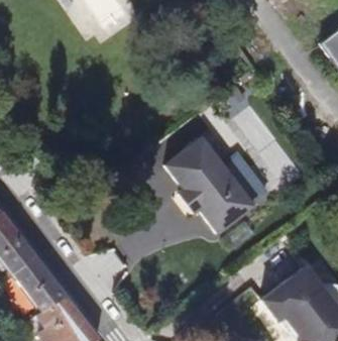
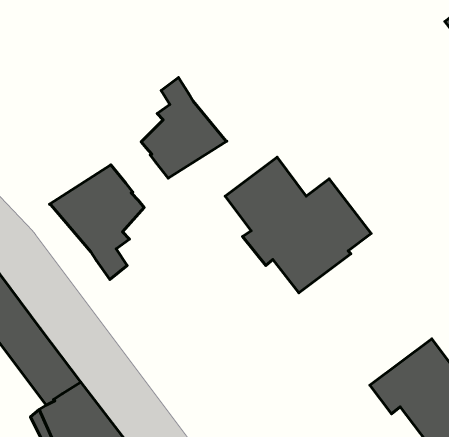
building: none -> [141,78,227,178]
building: none -> [49,165,144,279]

